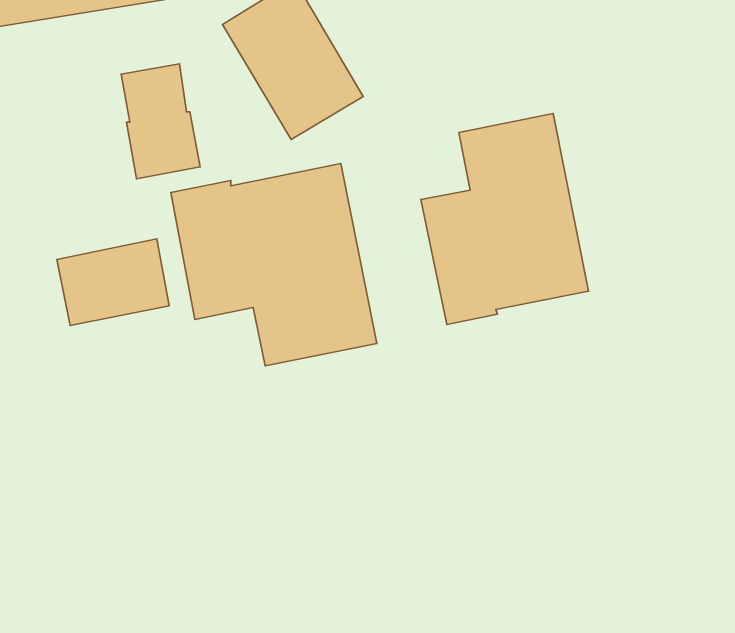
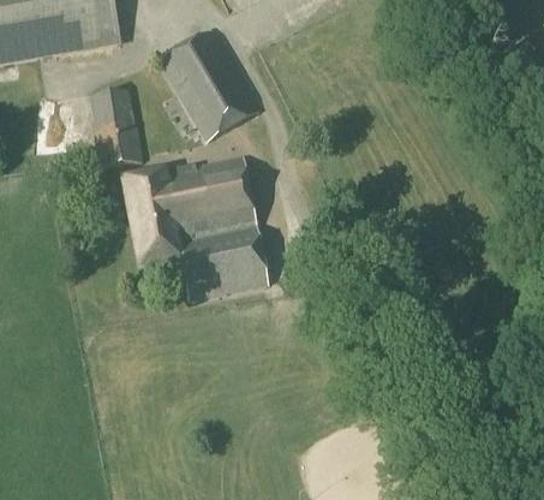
building: [421,114,589,324] -> none
building: [57,239,169,326] -> none

